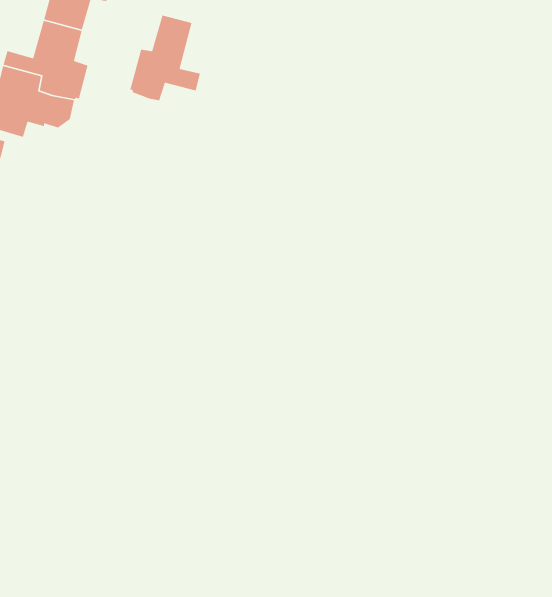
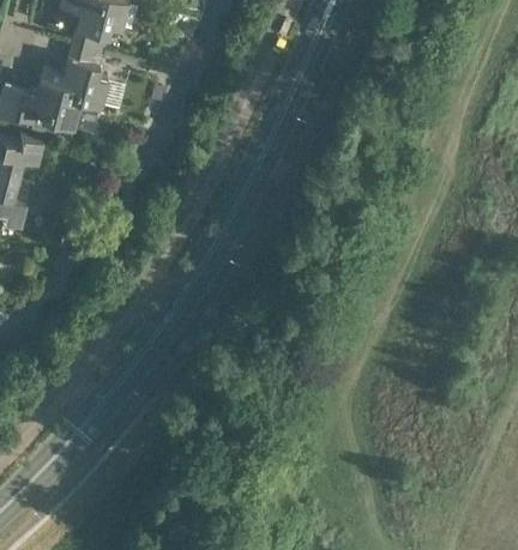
building: [129,14,201,101] -> none

